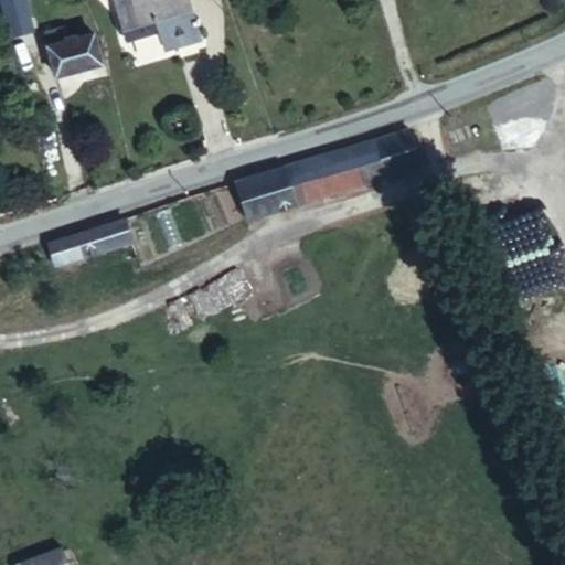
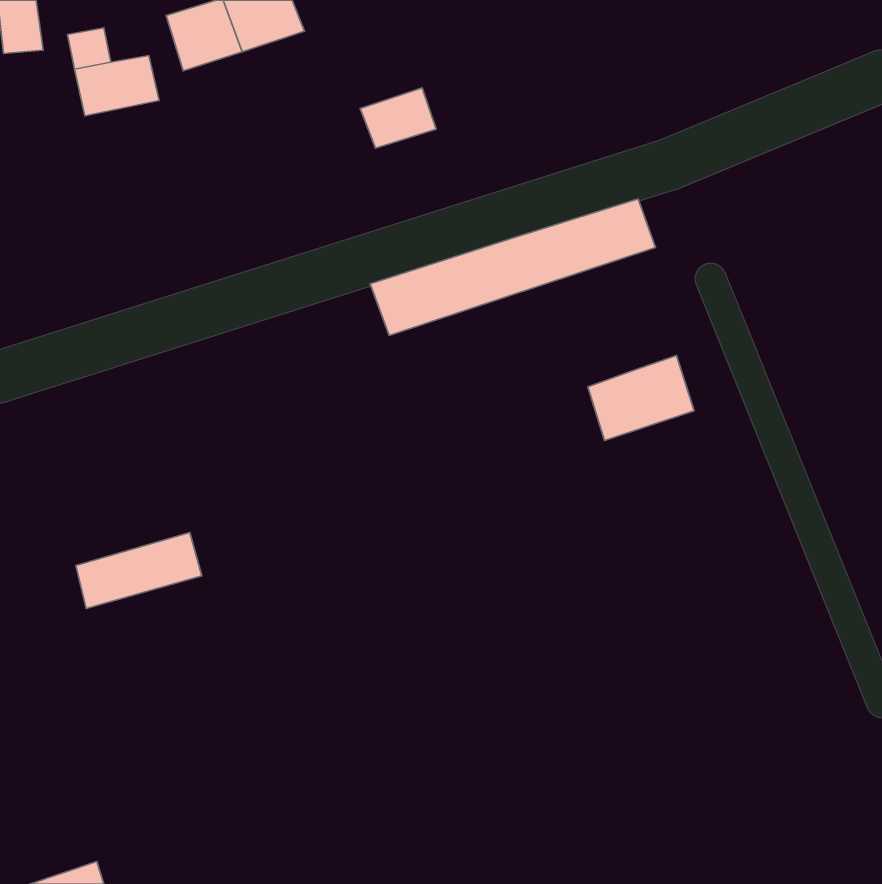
building: [154,20,203,58] -> [360,88,436,148]
building: [49,222,129,270] -> [76,532,202,609]
building: none -> [588,355,694,441]

